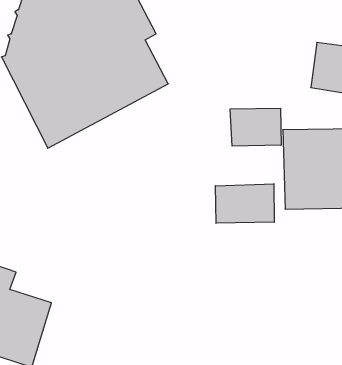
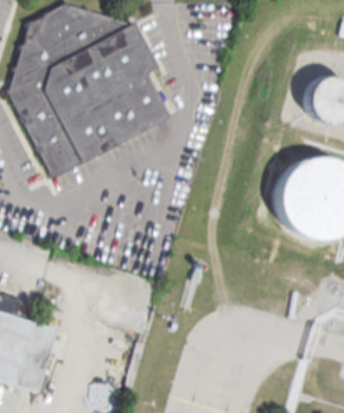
building: [230,108,281,146] -> none
building: [215,184,274,223] -> none

